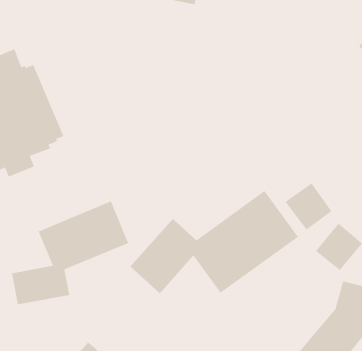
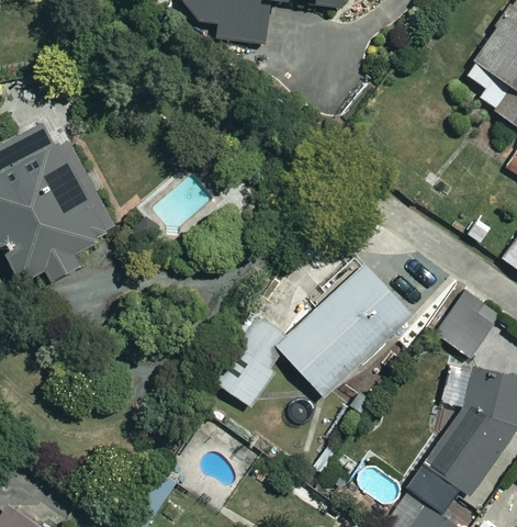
building: [285,182,332,231] -> none
building: [11,201,129,305] -> none

